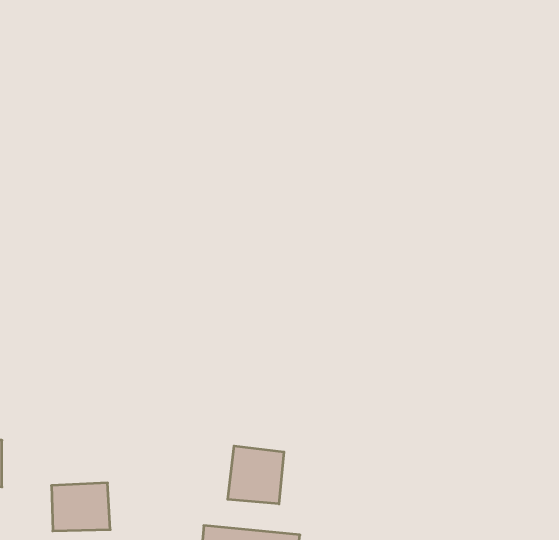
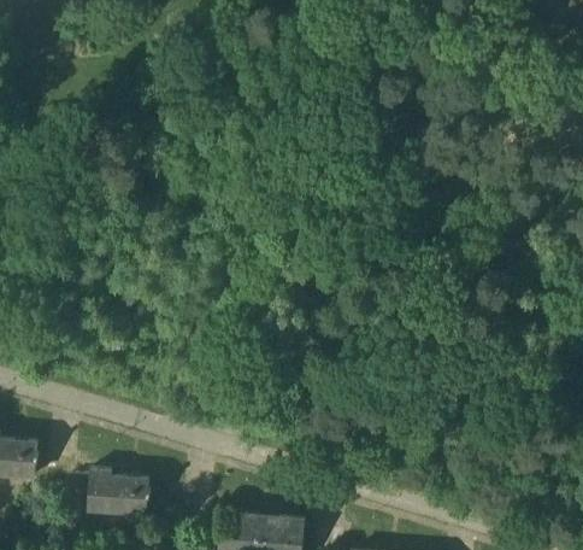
building: [228,446,284,504] -> none

